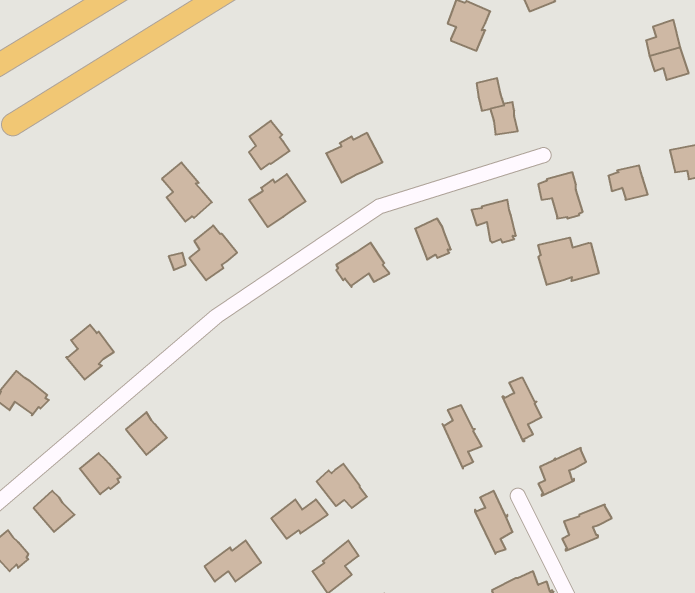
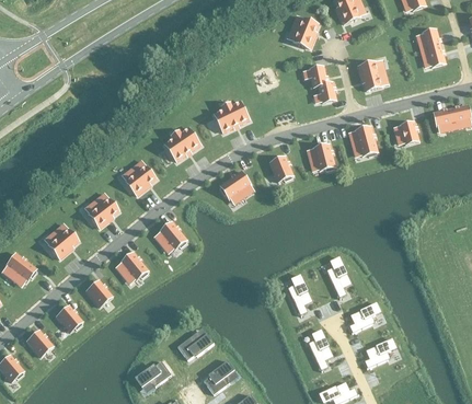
building: none -> [357,61,388,90]
building: [249,121,290,169] -> none
building: [162,162,212,222] -> none
building: [538,238,599,285] -> none
building: none -> [87,193,117,228]
building: none -> [153,221,186,250]
building: none -> [115,252,147,280]
building: [317,464,367,508] -> none

